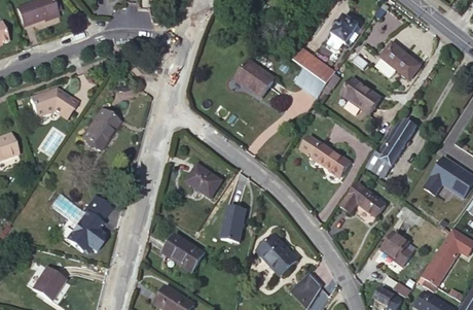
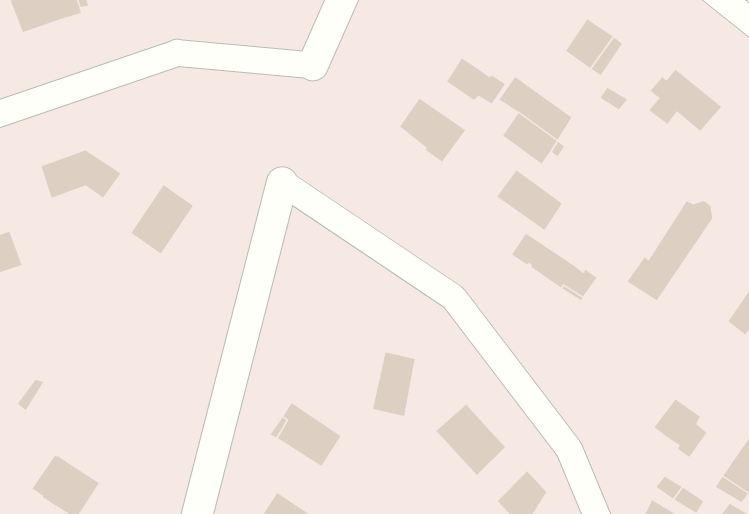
building: none -> [446,57,506,104]
building: [341,78,379,113] -> [496,169,563,231]
building: [187,165,221,197] -> none
building: [340,183,386,216] -> none
building: [67,196,112,252] -> none

